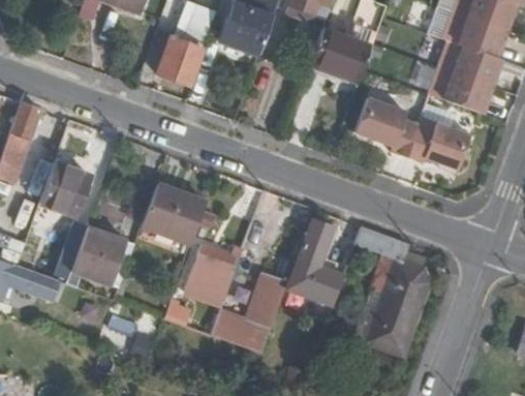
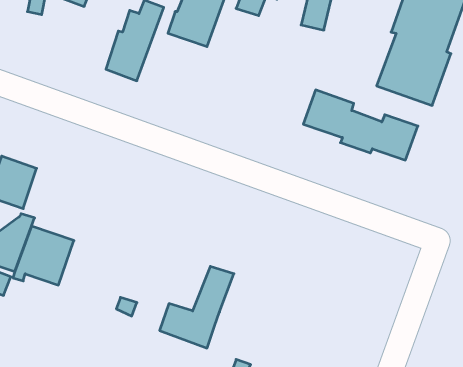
building: [309,30,371,82] -> none
building: [141,185,206,244] -> none
building: [286,222,344,306] -> none
building: [354,229,427,357] -> none
building: [185,246,234,303] -> none

